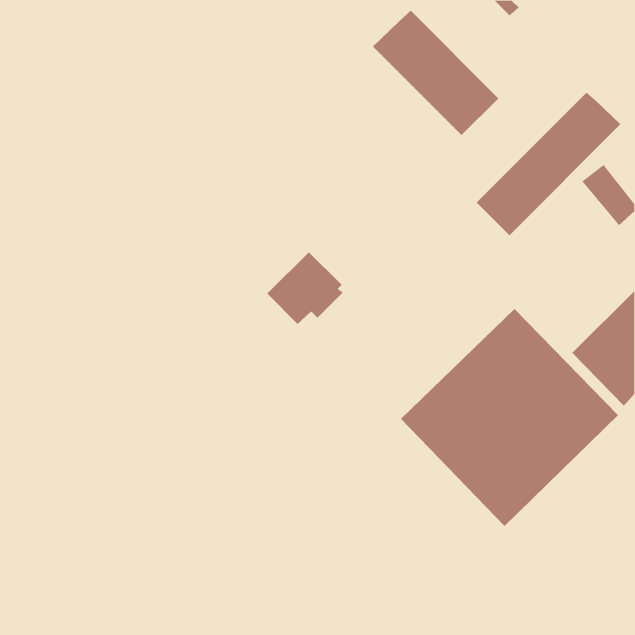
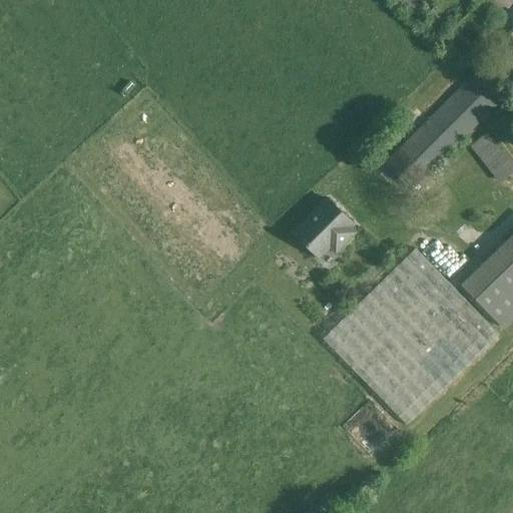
building: [372,10,499,136] -> none
building: [267,251,344,325] -> [292,197,354,256]

